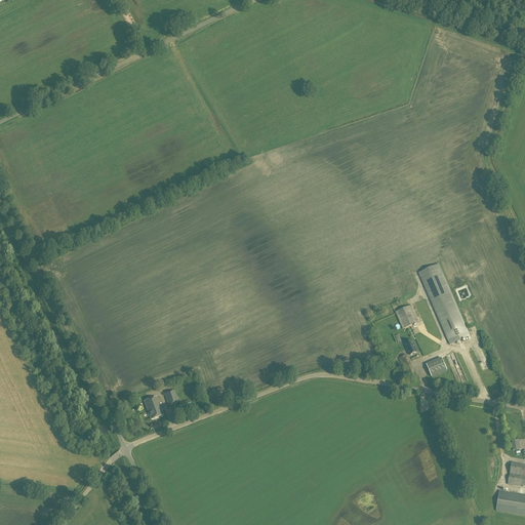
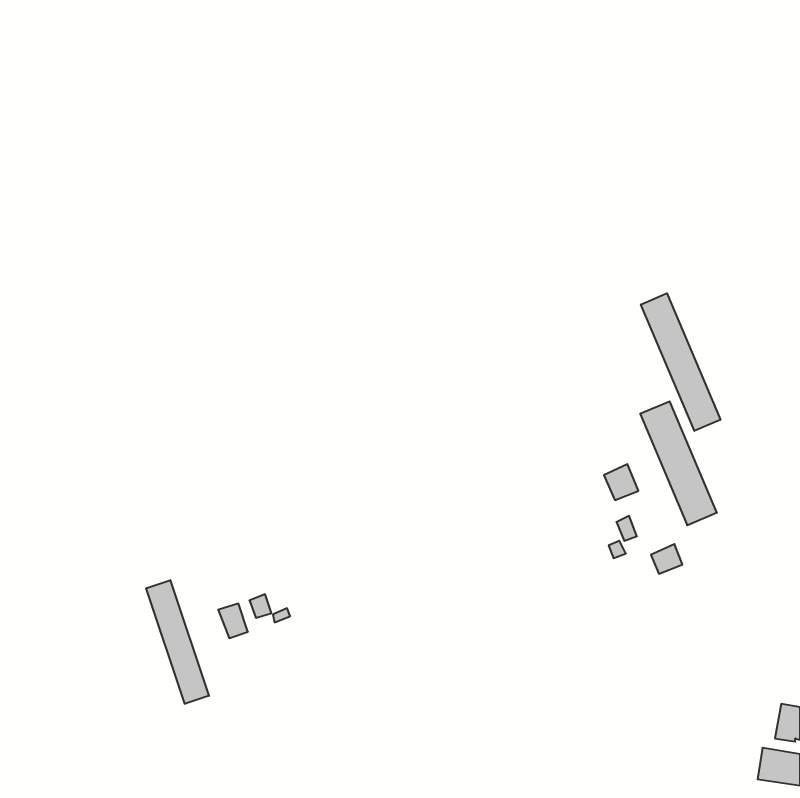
building: none -> [641,293,720,431]
building: none -> [146,580,209,704]

